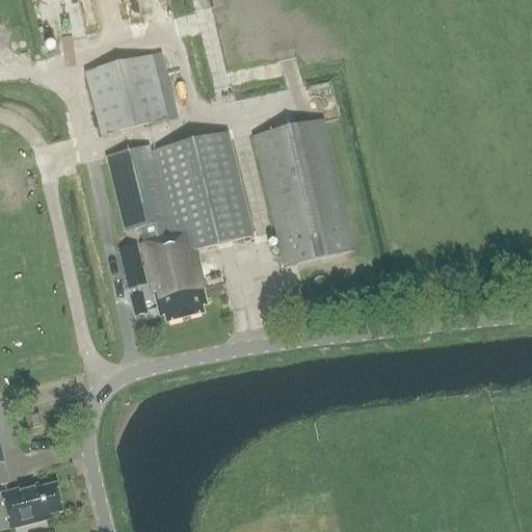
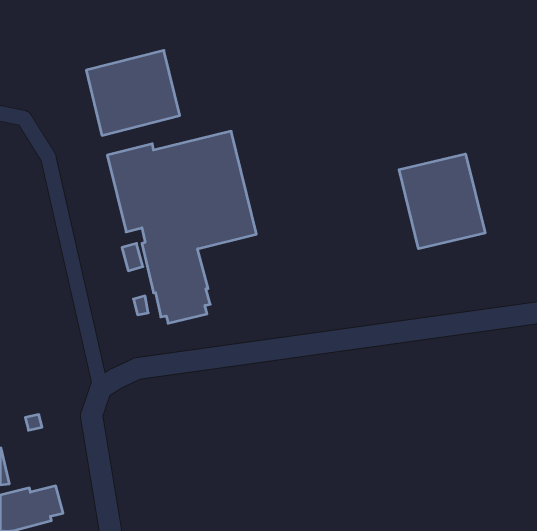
building: [252,116,354,265] -> none
building: none -> [399,154,485,249]

